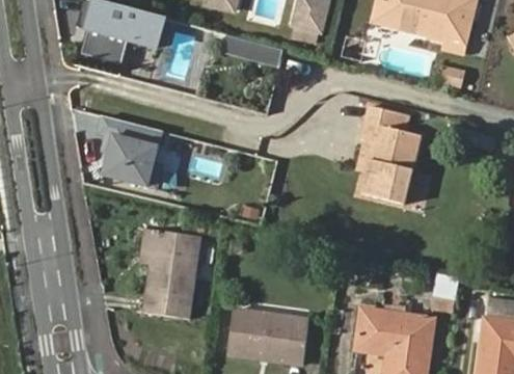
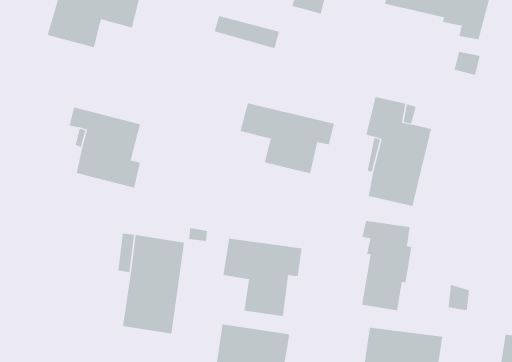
building: none -> [240,103,334,174]
building: none -> [361,220,412,311]
building: none -> [223,238,302,317]

